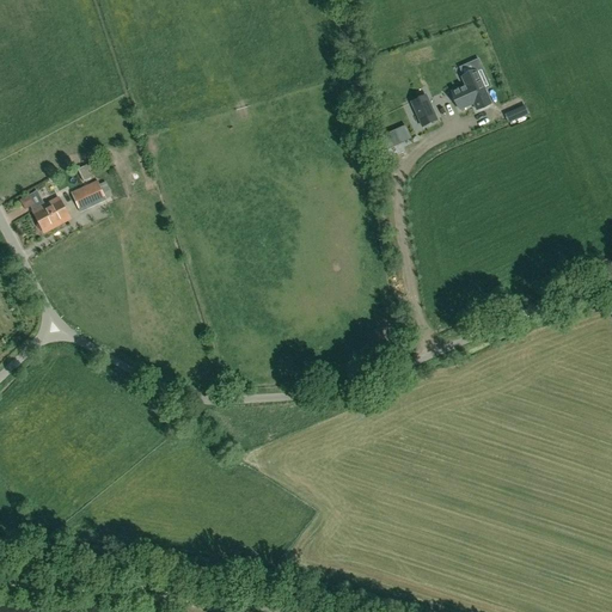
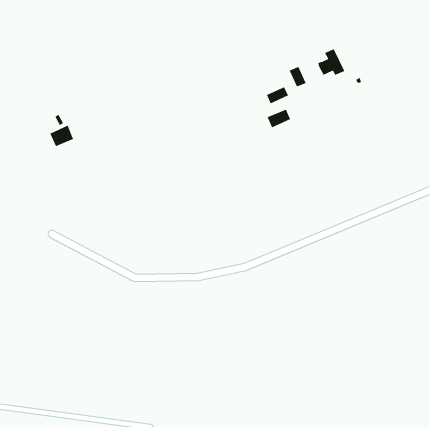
building: none -> [267,109,291,128]
building: [32,196,69,231] -> none

